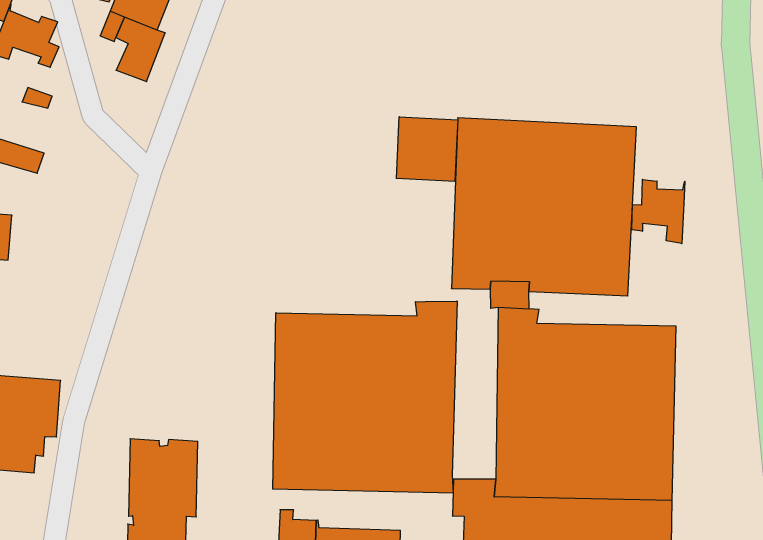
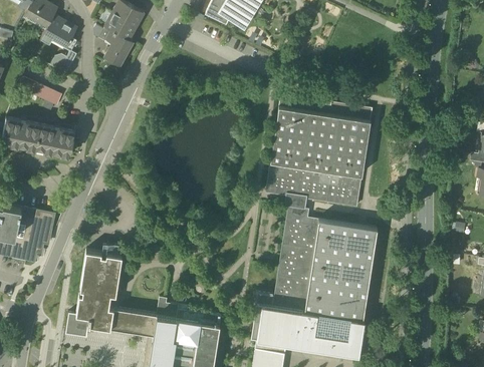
building: [396,117,458,181] -> none
building: [632,179,685,244] -> none
building: none -> [35,126,75,157]
building: [273,301,457,493] -> none

